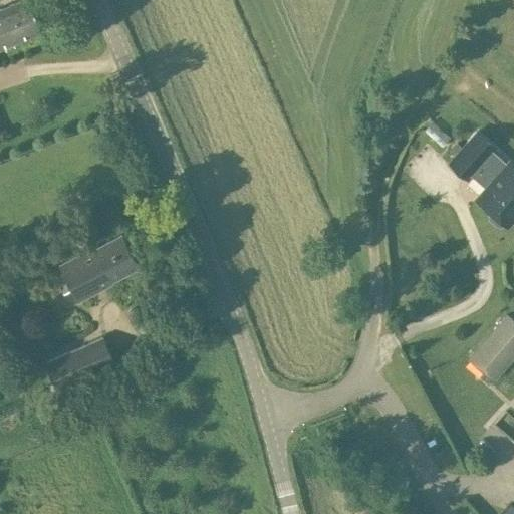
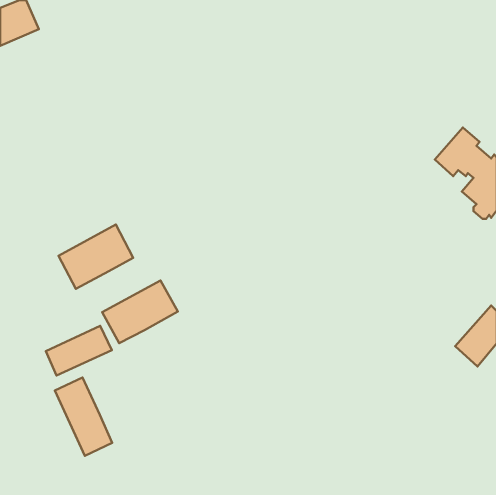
building: none -> [102,281,178,343]
building: none -> [55,377,112,456]

